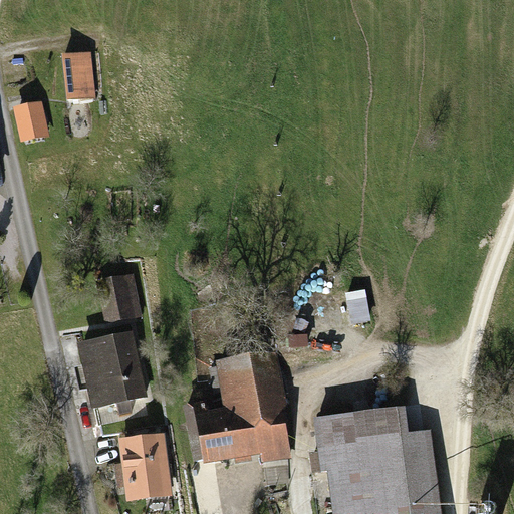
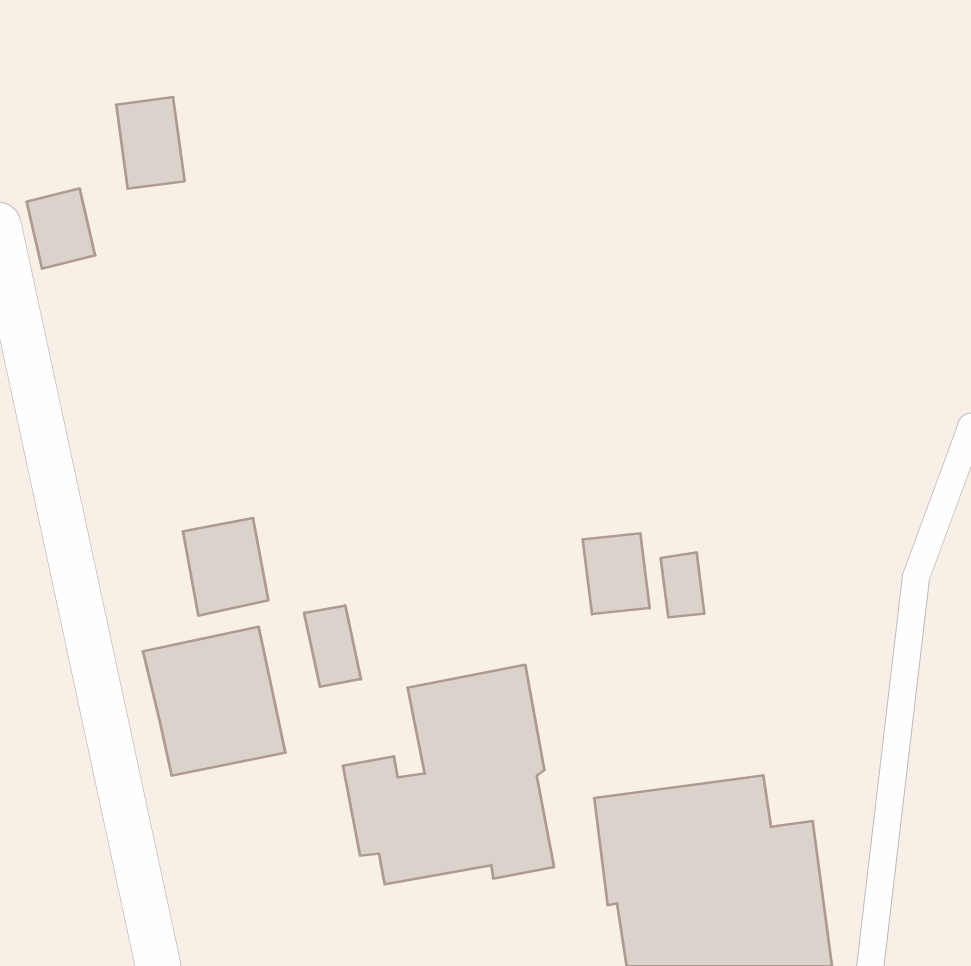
building: none -> [583,533,650,614]
building: none -> [304,605,361,687]
building: [117,433,172,500] -> none

